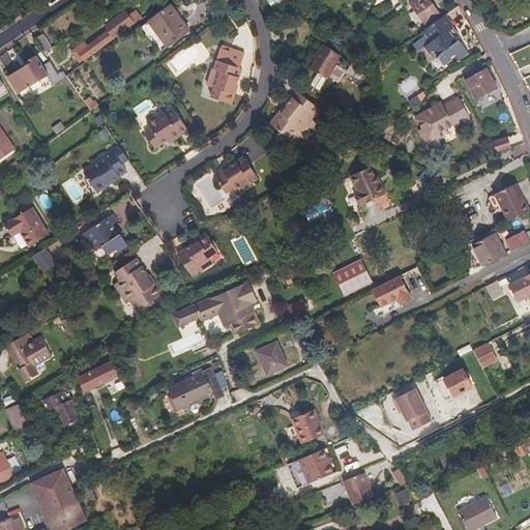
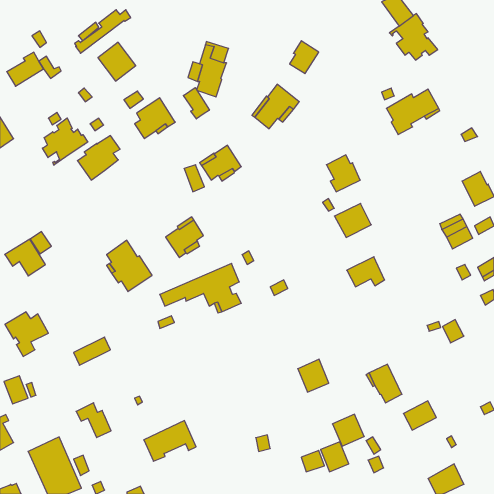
building: [148,4,188,46] -> [98,42,136,81]
building: [464,67,497,100] -> none
building: none -> [183,88,209,119]
building: none -> [42,118,88,165]
building: [4,207,48,246] -> [5,239,45,276]
building: [82,213,127,255] -> none
building: [331,260,371,296] -> [334,203,371,237]
building: [256,342,287,374] -> none
building: [167,366,223,410] -> [144,421,196,461]
building: [436,369,471,400] -> [403,401,436,430]
building: [42,390,80,428] -> [76,403,111,438]
building: [291,408,324,443] -> [298,359,329,392]
building: [298,447,332,481] -> [332,414,364,446]

